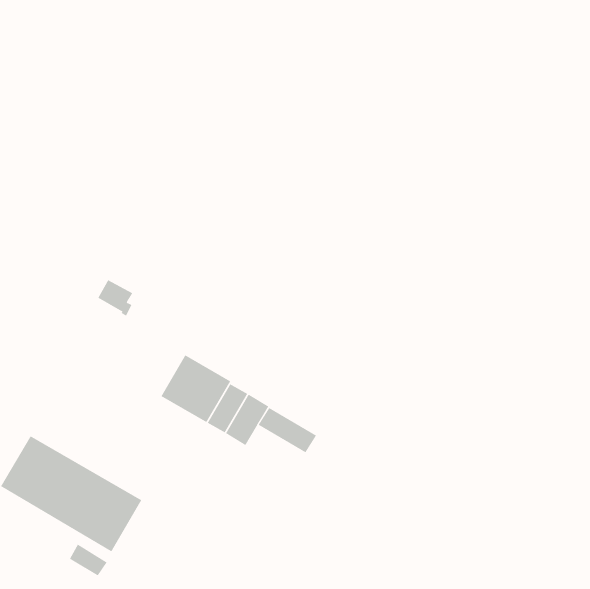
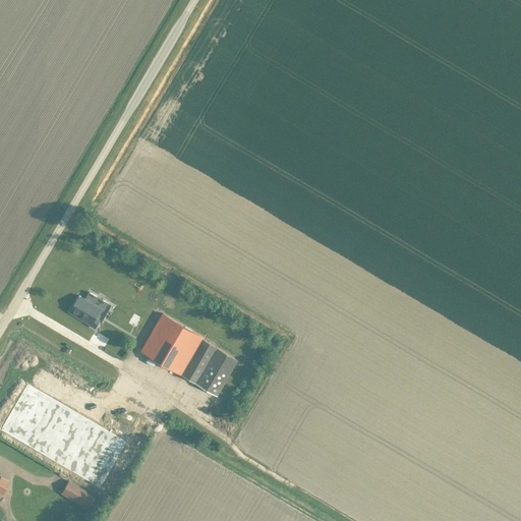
building: [97,279,133,316] -> [69,296,101,329]
building: [258,407,317,453] -> none

